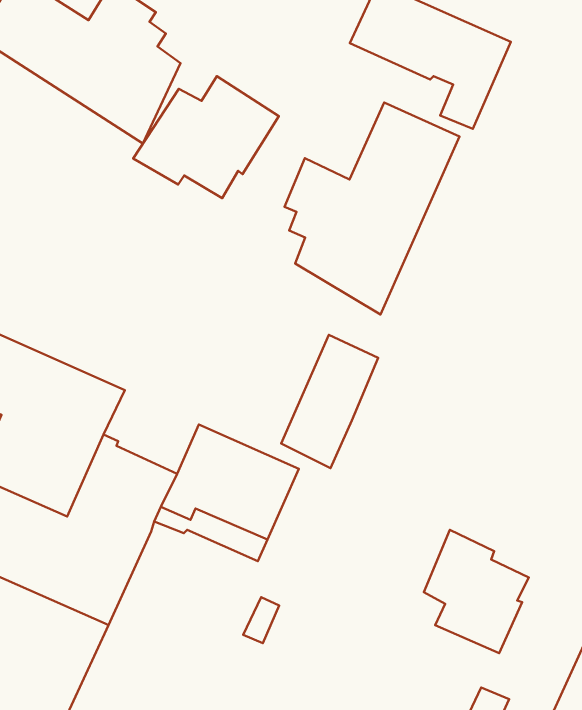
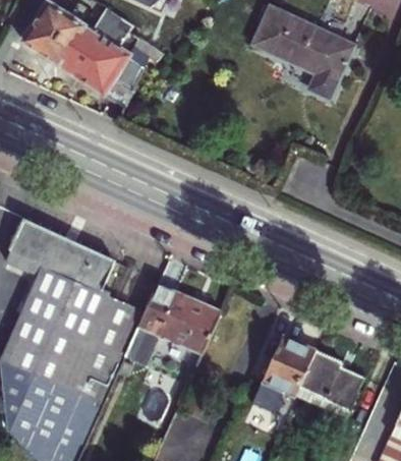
building: [133,76,279,198] -> none
building: [284,102,459,314] -> none
building: [281,335,378,468] -> [254,332,314,414]

